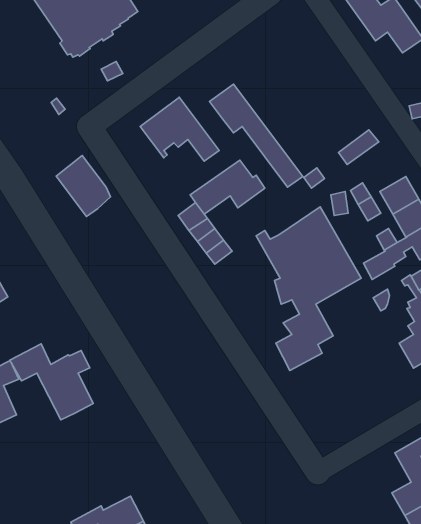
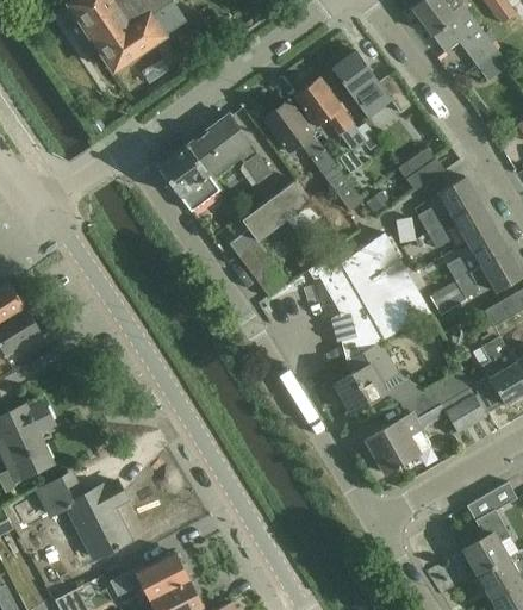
building: none -> [331,49,412,117]
building: none -> [293,76,379,150]
building: none -> [435,175,478,217]
building: [56,156,111,216] -> [157,145,217,212]
building: none -> [366,371,485,473]
building: [10,344,93,420] -> [37,473,129,556]

